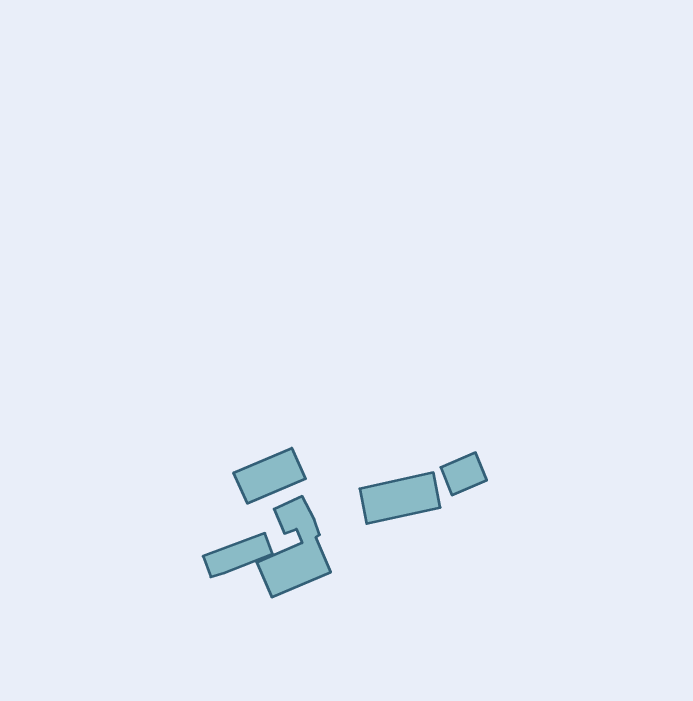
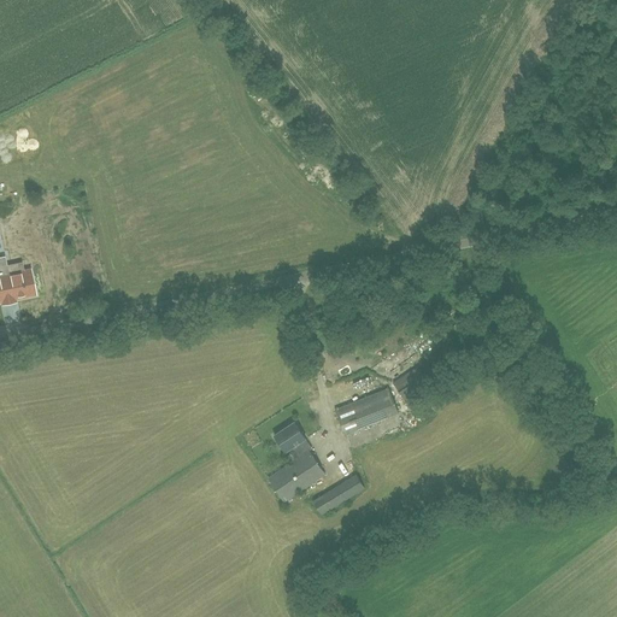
building: [234,448,306,503] -> none
building: [203,533,273,577] -> [312,475,364,515]

